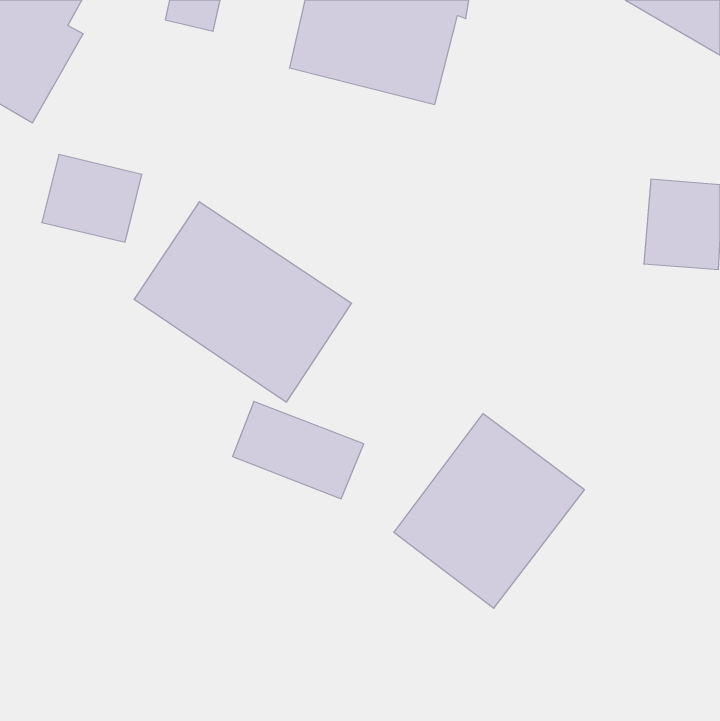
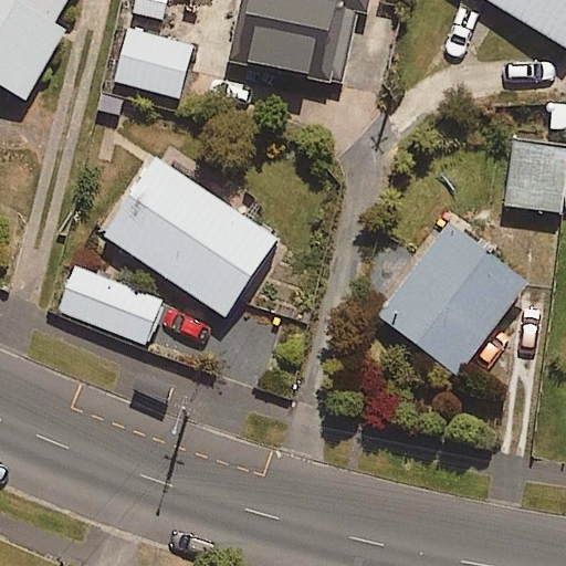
building: [42,155,142,242] -> [114,28,192,96]
building: [233,401,364,499] -> [59,269,161,345]
building: [394,414,584,608] -> [379,221,528,374]

